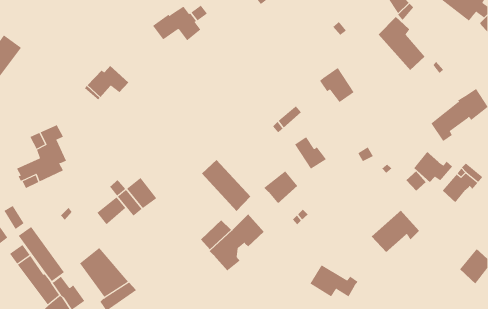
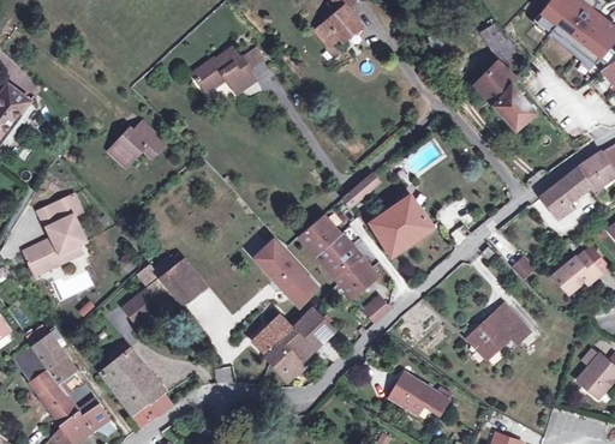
building: [319,67,355,103] -> [386,196,430,240]
building: none -> [299,215,359,276]
building: [414,151,453,183] -> none

